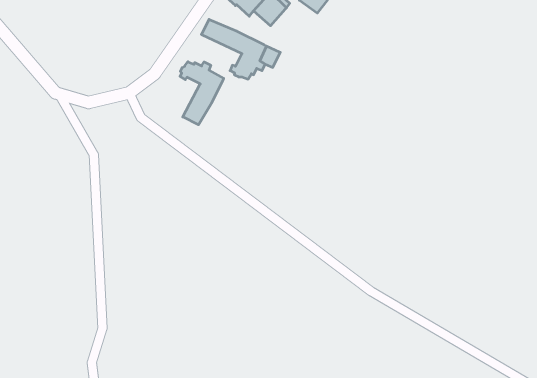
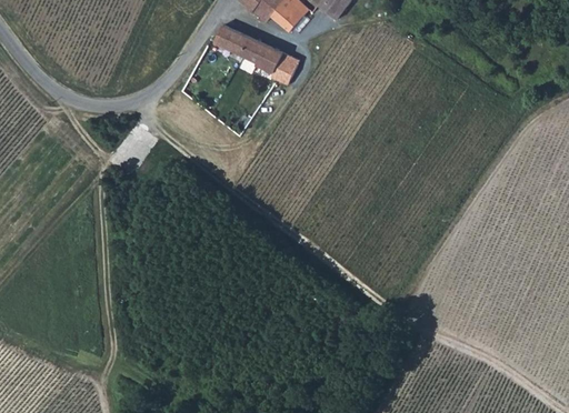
building: [180,62,224,125] -> none

